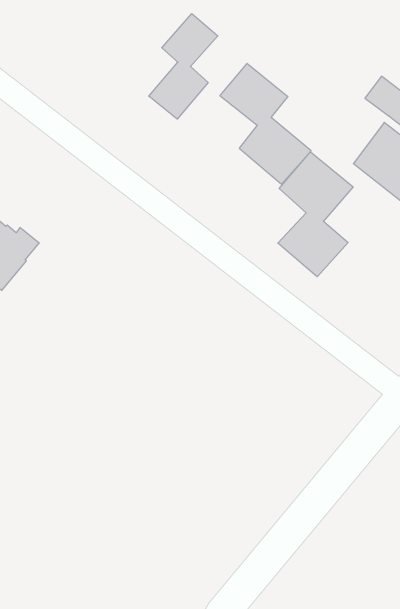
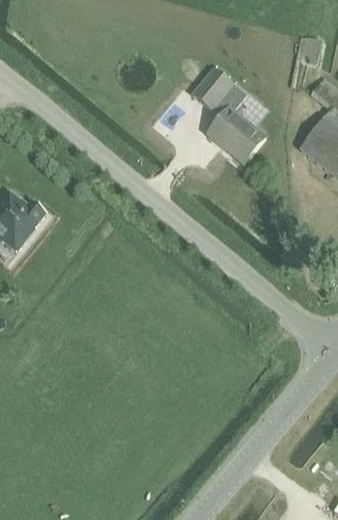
building: [149,14,218,119] -> none
building: [278,152,353,277] -> none

